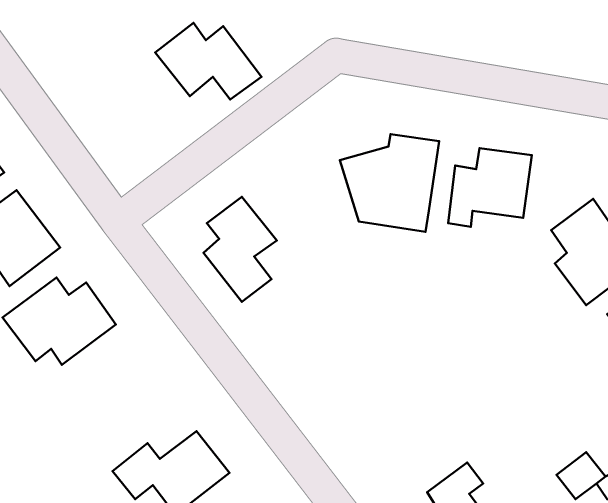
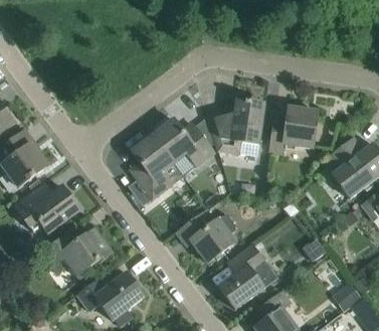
building: [155,23,262,100] -> [152,119,213,163]
building: none -> [177,209,236,261]
building: none -> [42,227,113,276]
building: none -> [219,242,265,308]

